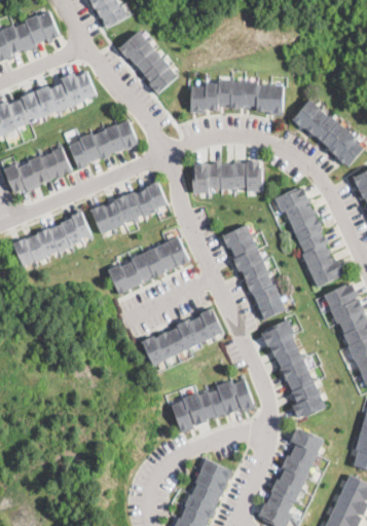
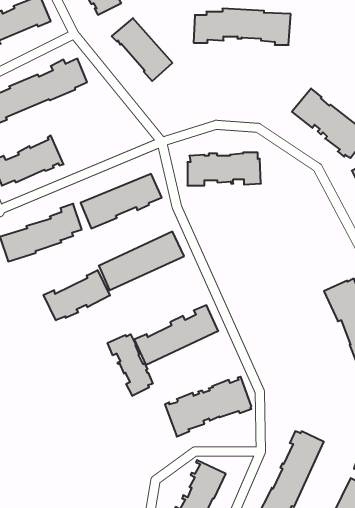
building: [191,80,285,115] -> [194,9,291,45]
building: [69,121,138,170] -> none
building: [276,188,344,287] -> none
building: [222,225,286,321] -> none
building: none -> [44,270,110,320]
building: [262,320,327,418] -> none
building: none -> [108,334,153,396]

